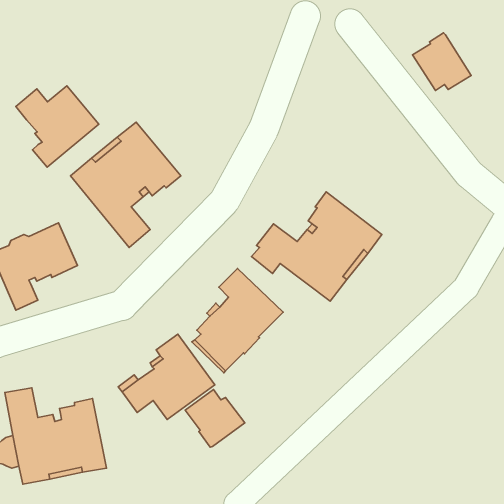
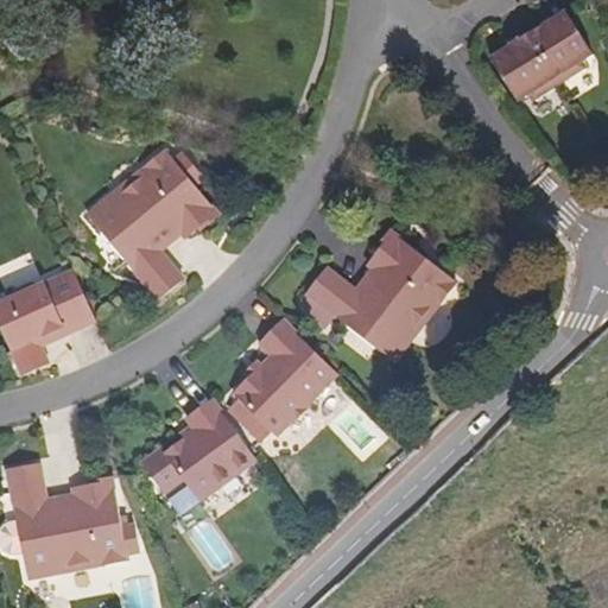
building: none -> [532,18,595,90]
building: [16,86,99,167] -> none
building: [185,390,245,447] -> none

